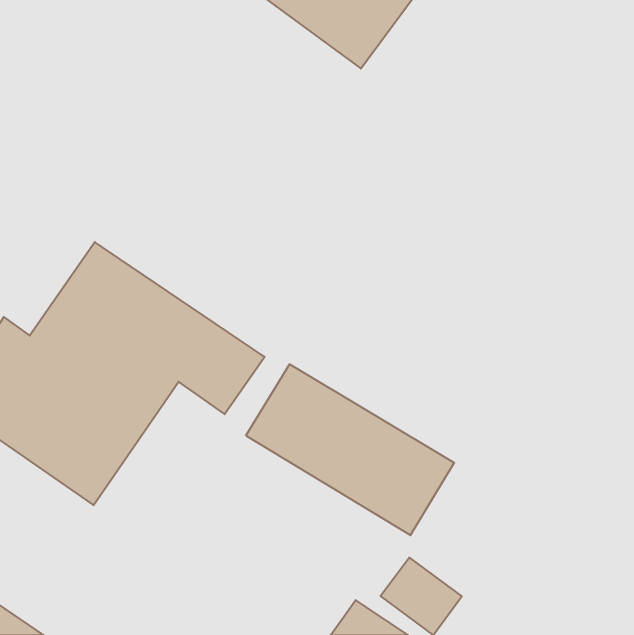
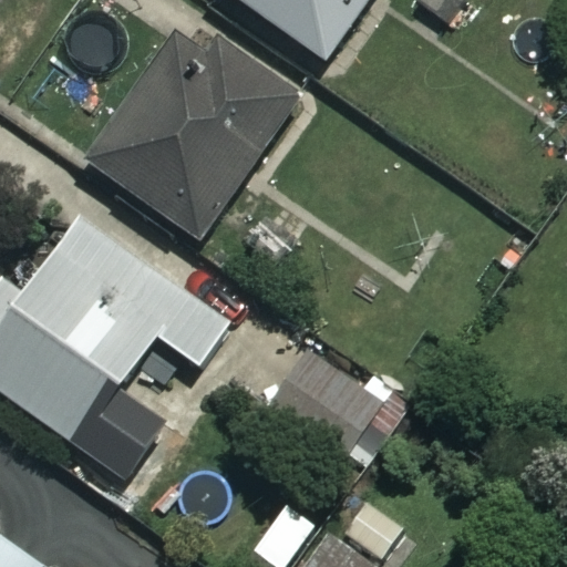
building: none -> [91,20,300,239]

